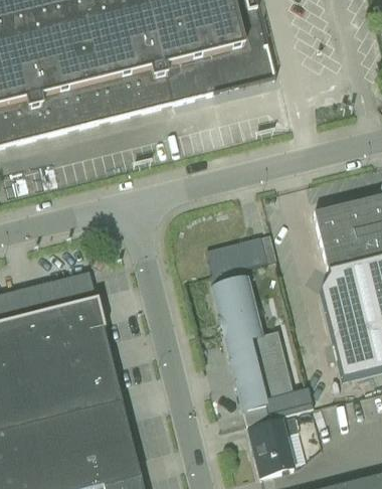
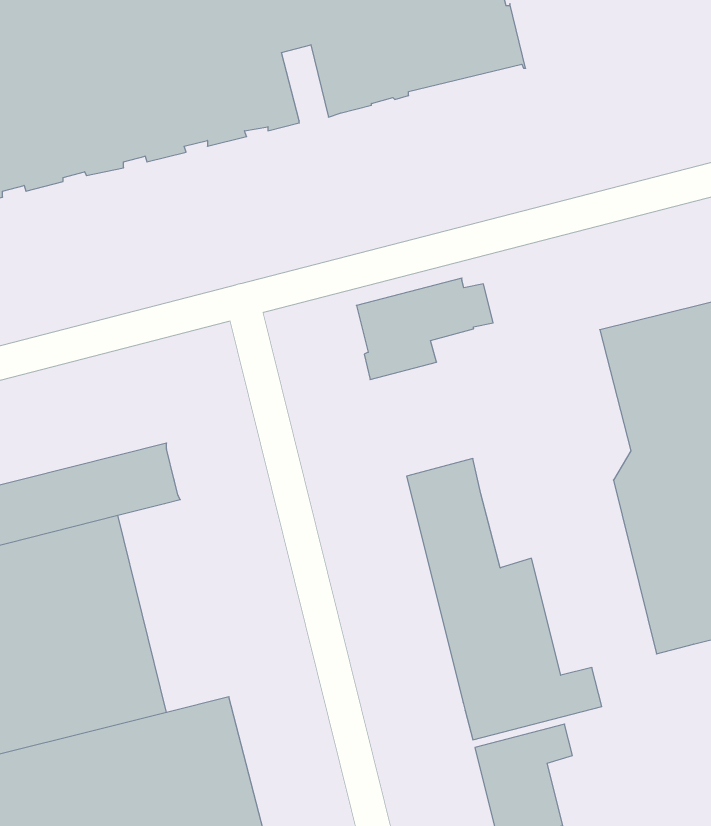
building: [205,236,275,289] -> [356,278,493,380]
building: [63,301,121,411] -> none

